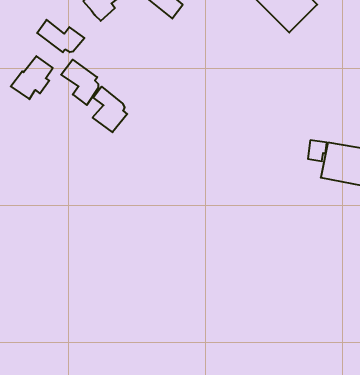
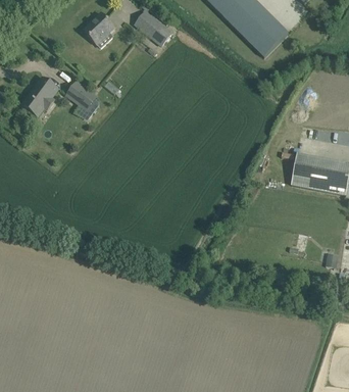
building: [37,20,84,52] -> none
building: [93,87,127,132] -> none

